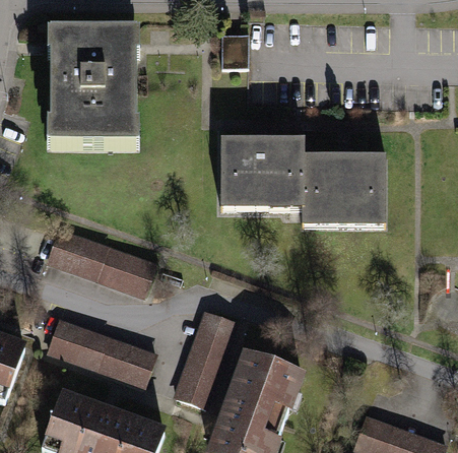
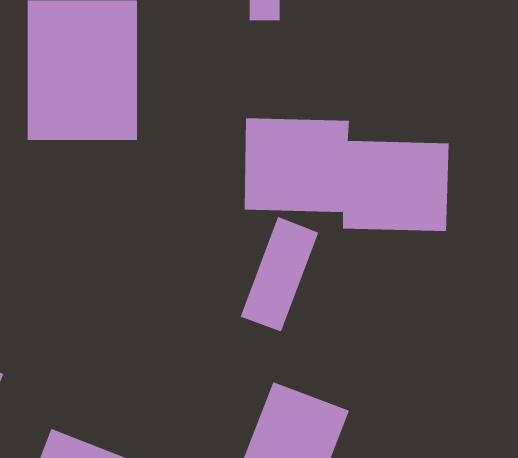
building: [46,221,158,295] -> none
building: [175,310,239,403] -> [240,216,319,332]
building: [47,311,158,384] -> none

